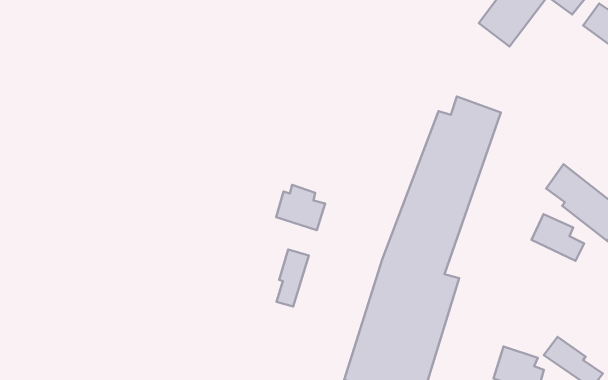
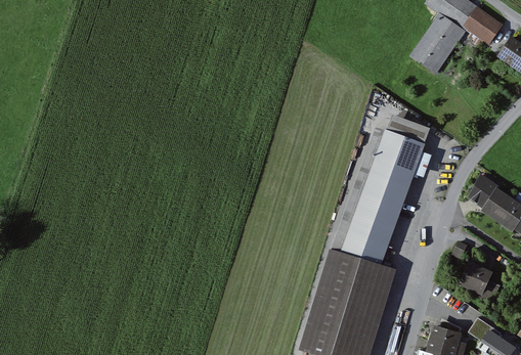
building: [276,185,325,230] -> none
building: [531,214,584,261] -> [457,262,501,301]
building: [276,250,309,306] -> none

